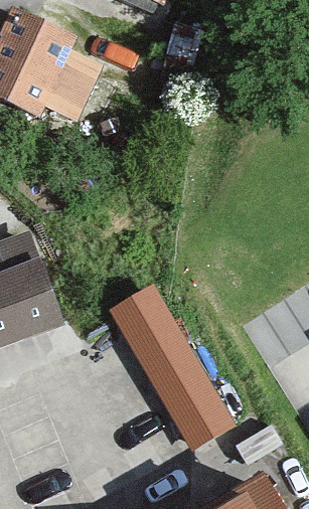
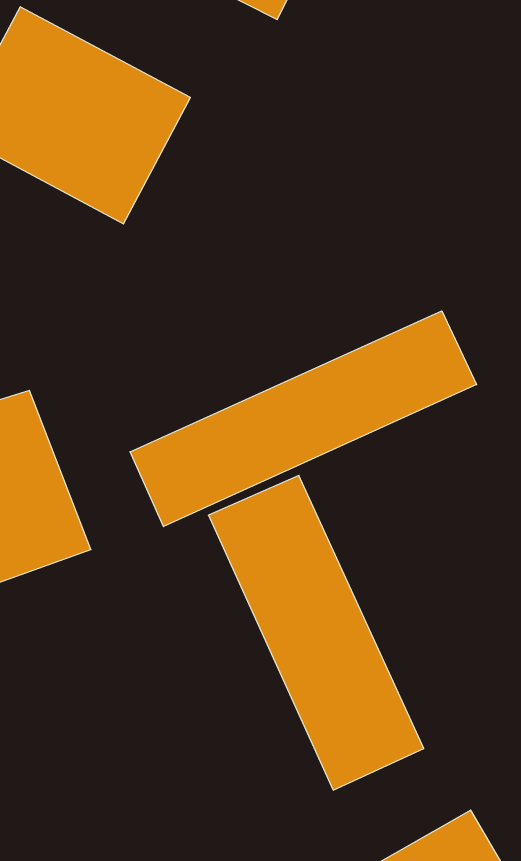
building: none -> [130,311,477,527]

